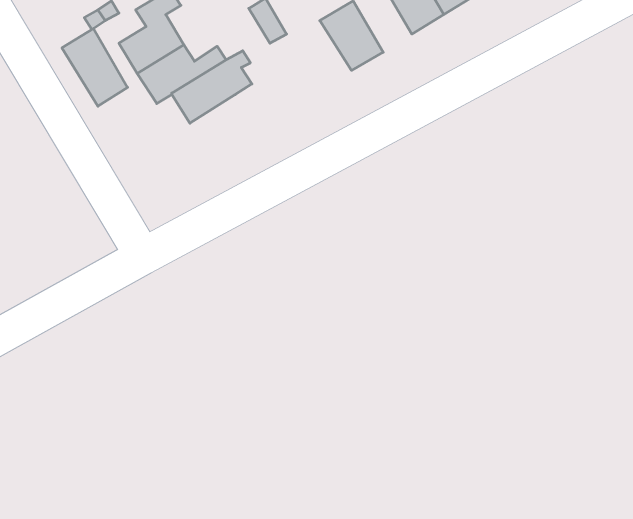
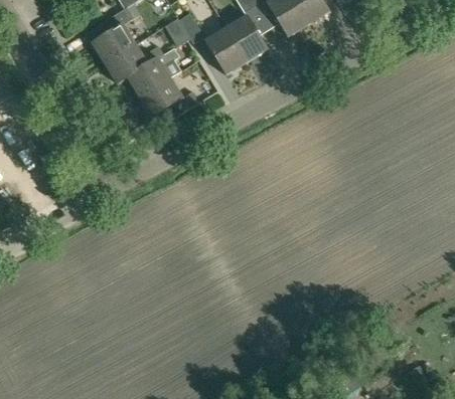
building: none -> [204,27,247,73]
building: [62,28,128,106] -> none
building: none -> [139,76,198,116]

